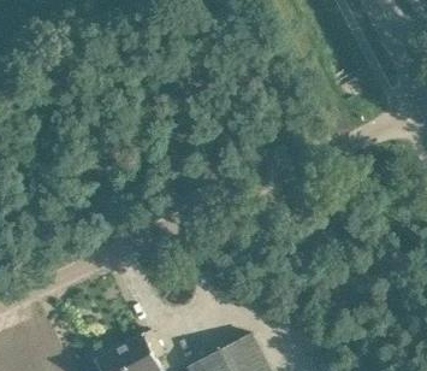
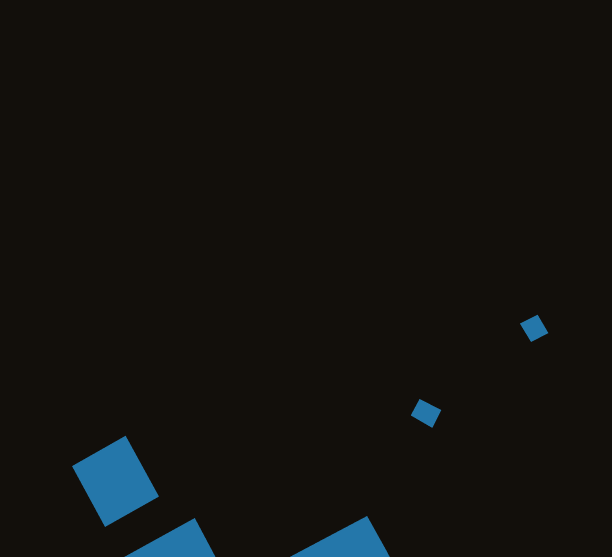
building: none -> [71,435,160,528]

